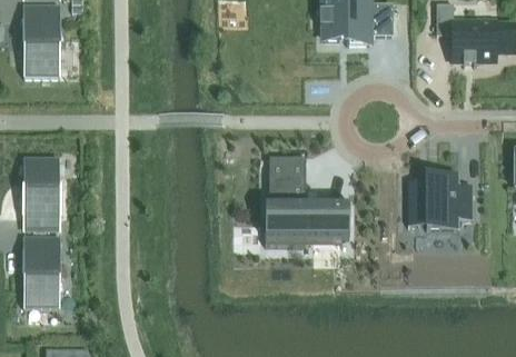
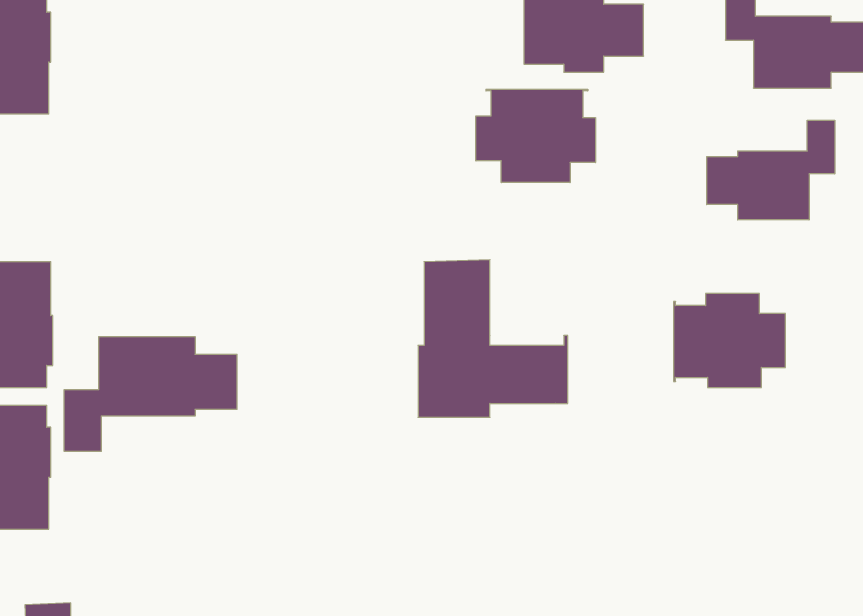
building: none -> [476,89,595,183]
building: none -> [707,120,835,220]
building: none -> [64,337,237,451]

